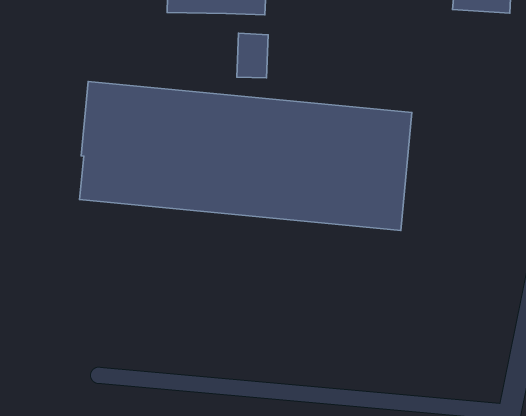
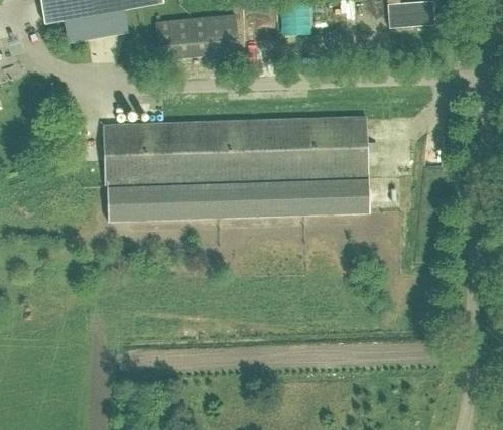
building: [237,33,268,78] -> none

